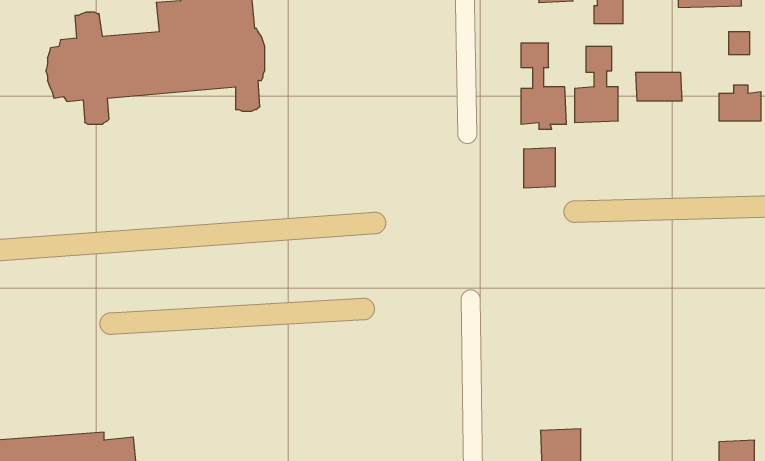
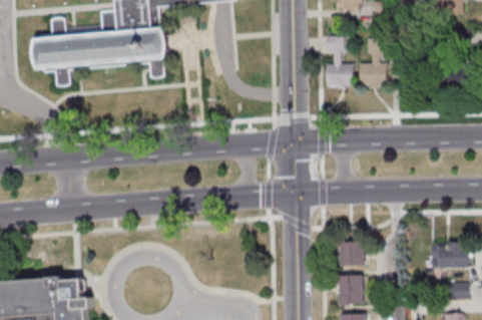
building: [636,72,682,101] -> none
building: [524,148,555,188] -> none
building: none -> [339,242,365,266]
building: none -> [430,242,468,268]

